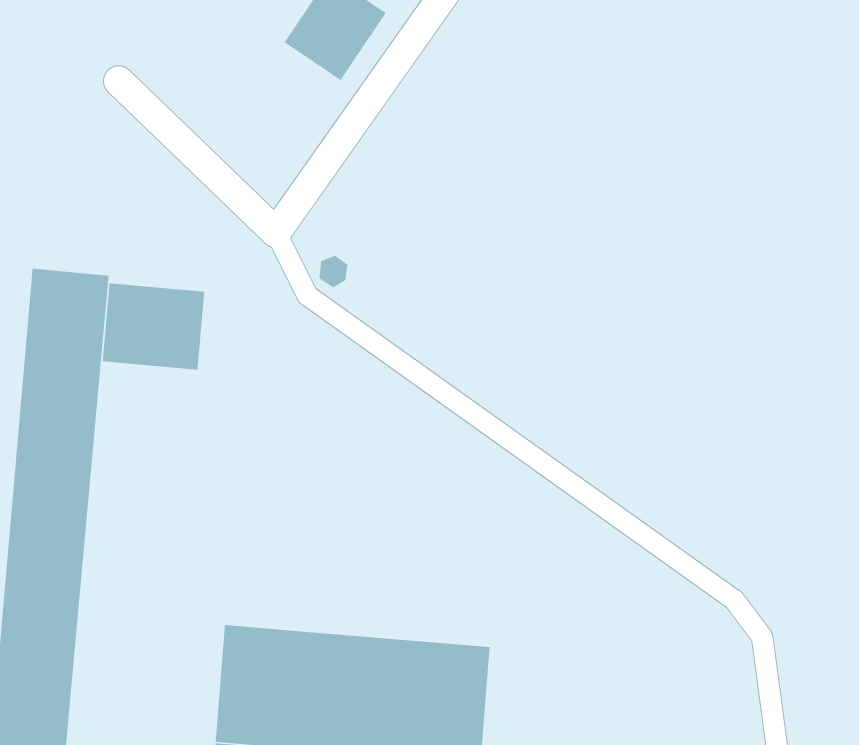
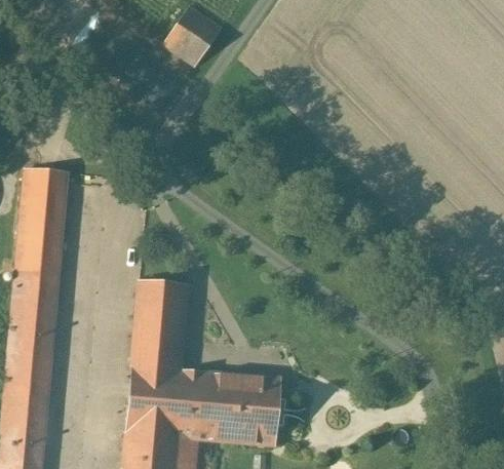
building: [102,282,205,370] -> none
building: none -> [131,280,188,370]

